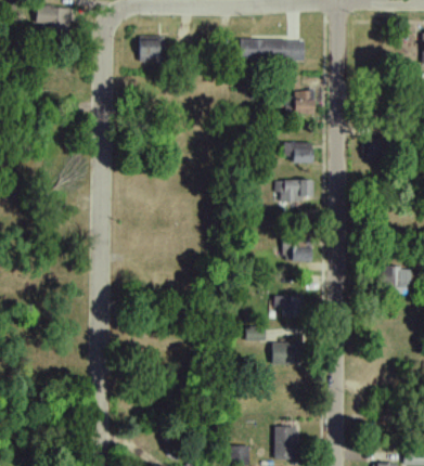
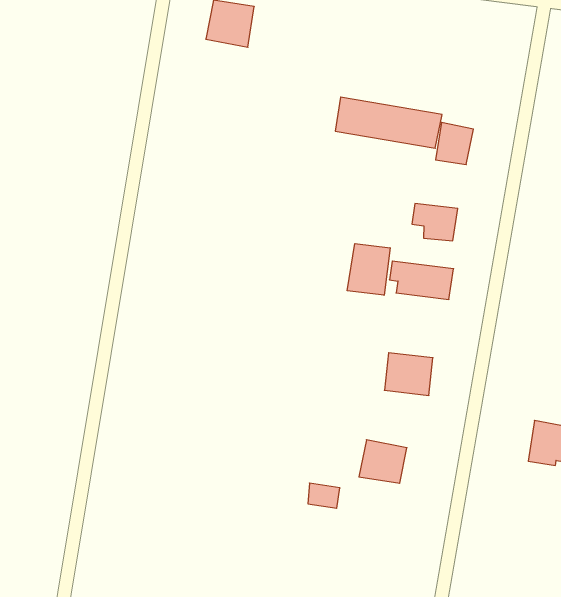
building: [240,39,305,62] -> [335,97,442,148]
building: none -> [347,244,390,295]
building: [271,342,298,365] -> none

